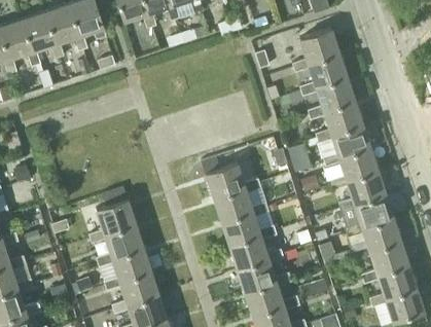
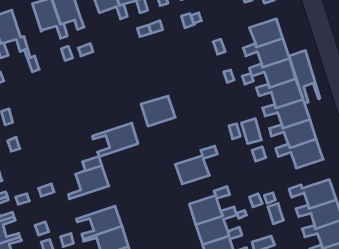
building: [22,11,64,59] -> none
building: none -> [289,50,320,103]
building: [204,164,244,198] -> [141,96,175,126]
building: [337,192,392,226] -> none
building: [220,201,268,245] -> none
building: [88,223,142,262] -> [92,123,138,157]

